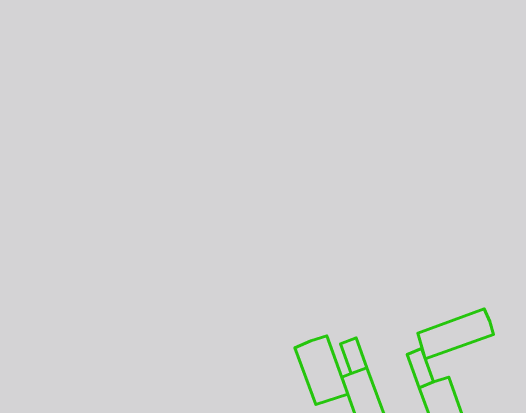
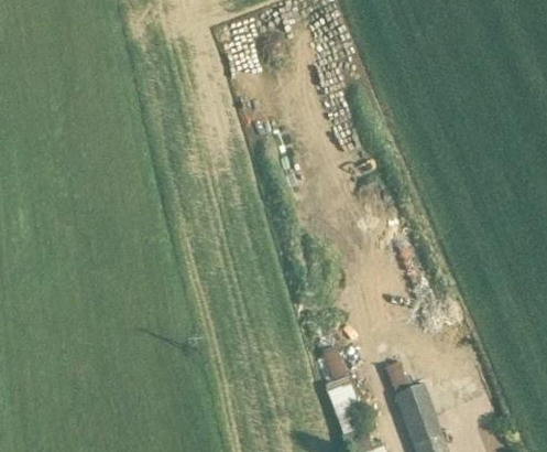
building: [418,309,494,359] -> none
building: [295,336,348,404] -> none

